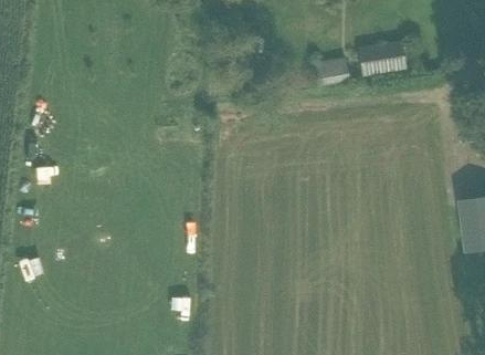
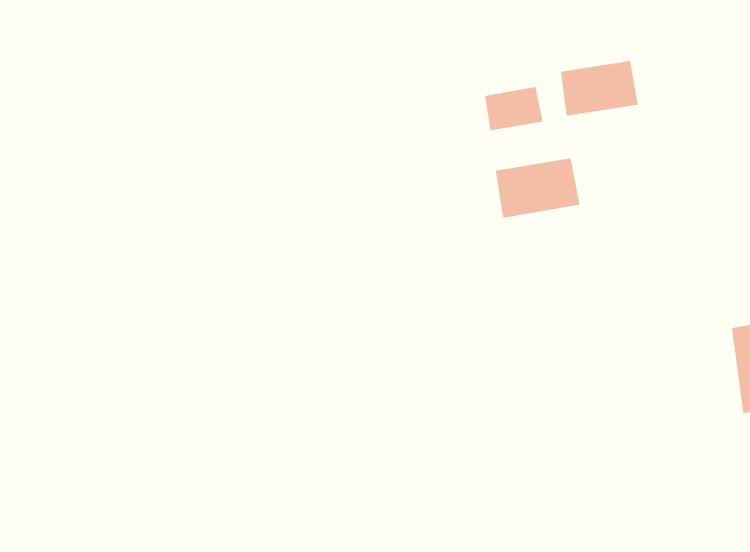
building: none -> [495,157,580,219]

